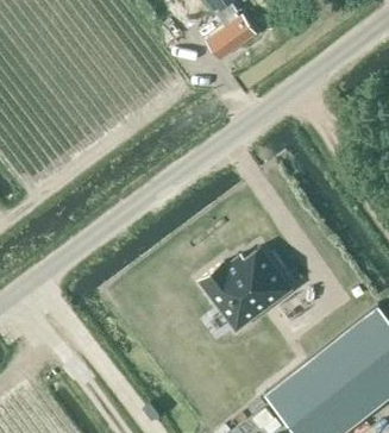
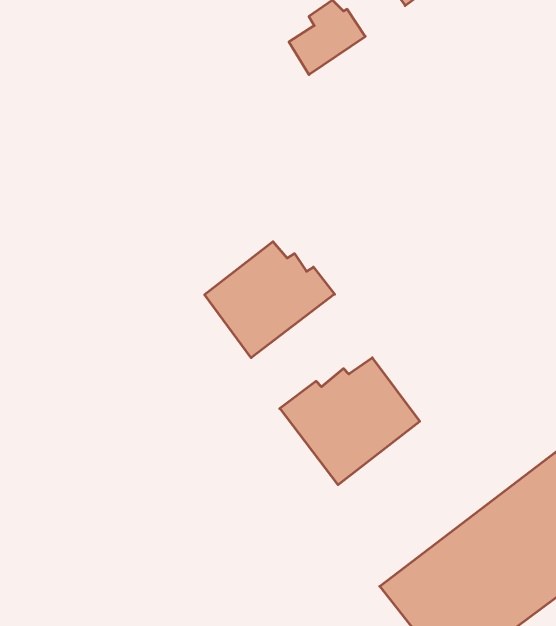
building: none -> [205,242,335,358]

